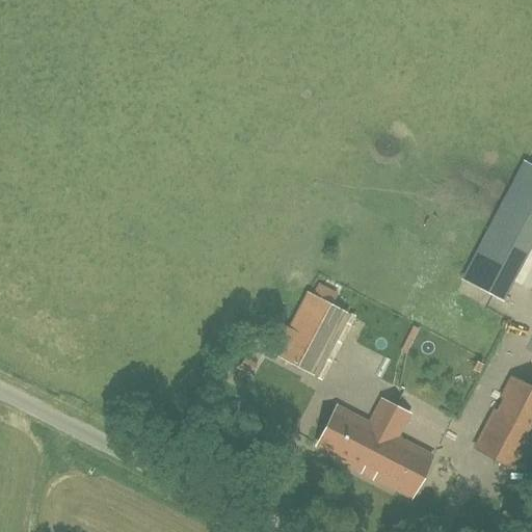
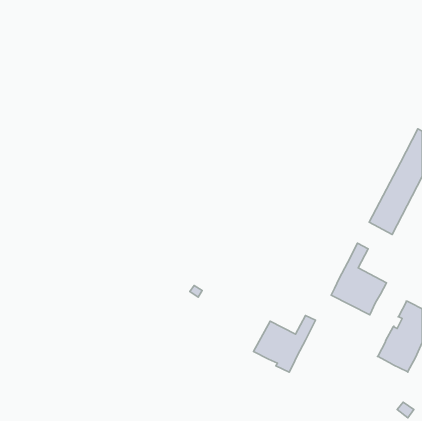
building: [275,292,338,370] -> none
building: [364,403,433,494] -> [331,243,386,315]

